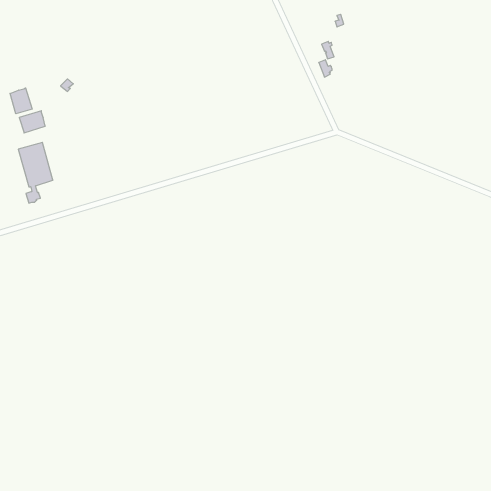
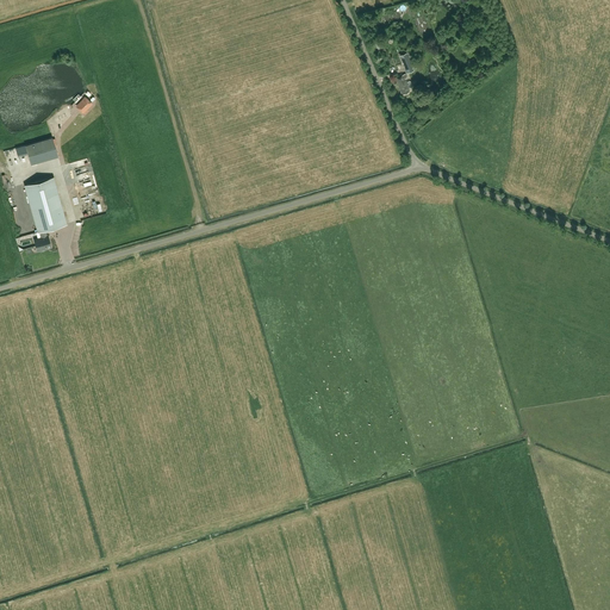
building: [10,88,32,114] -> none

